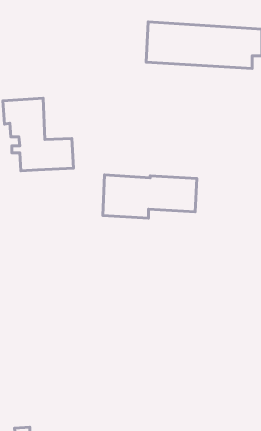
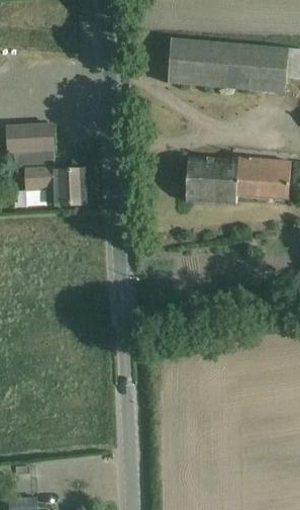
building: [103,175,197,218] -> [186,157,292,205]

